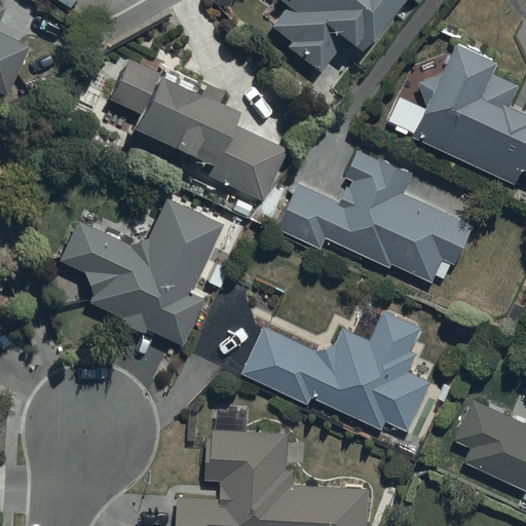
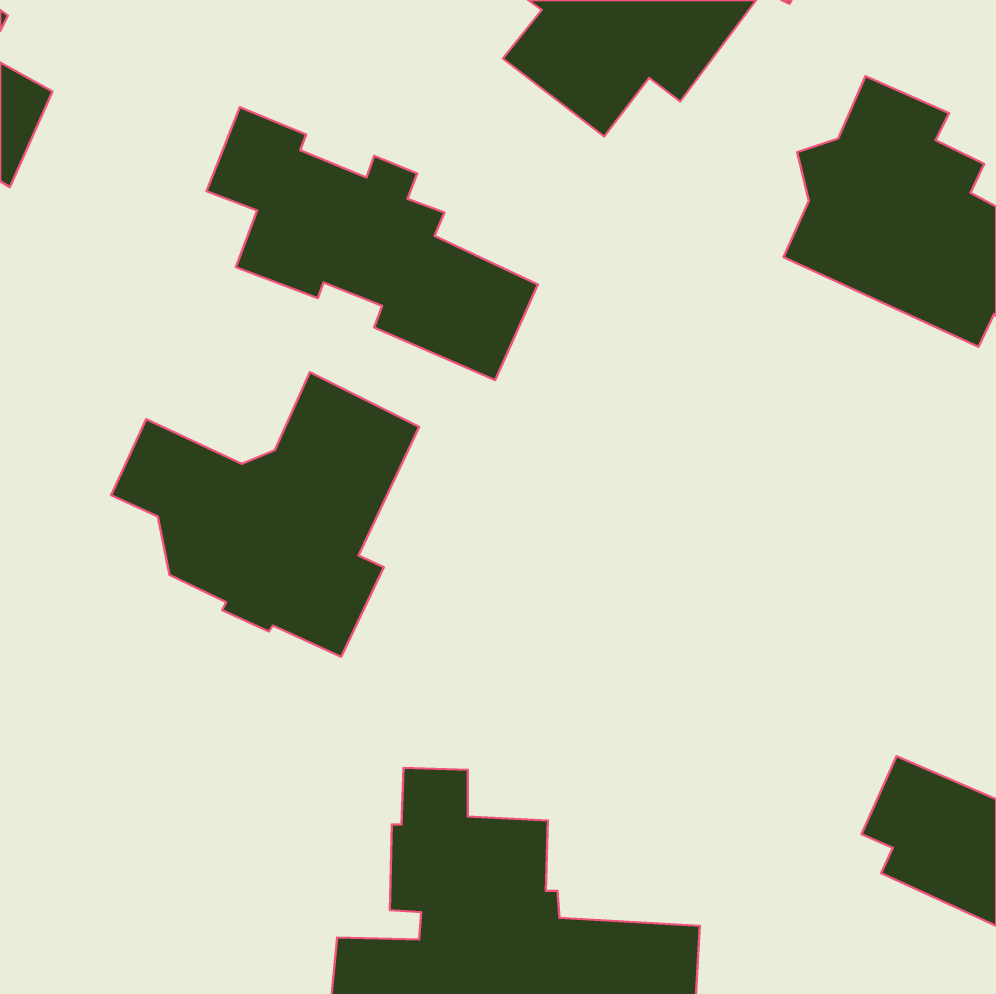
building: [276,148,473,283] -> none
building: [243,312,431,431] -> none

